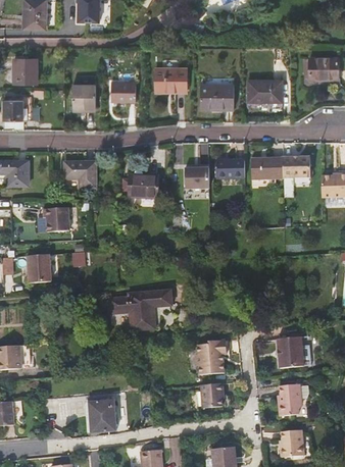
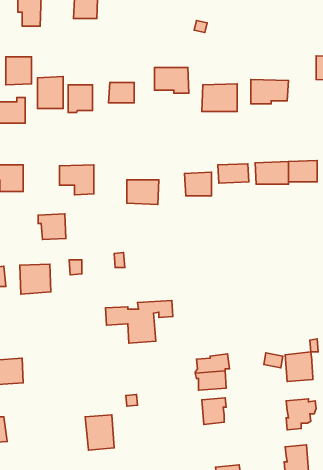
building: none -> [38,77,63,109]

